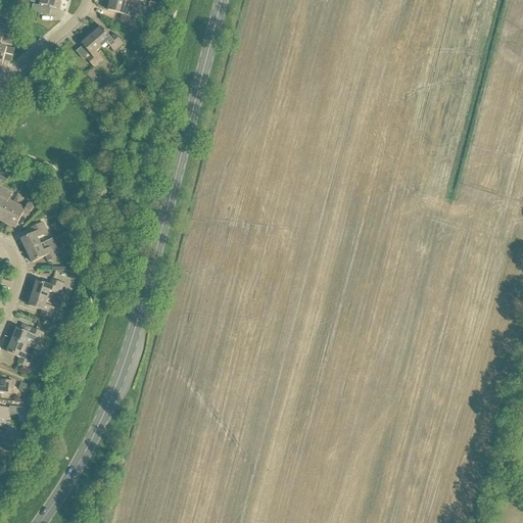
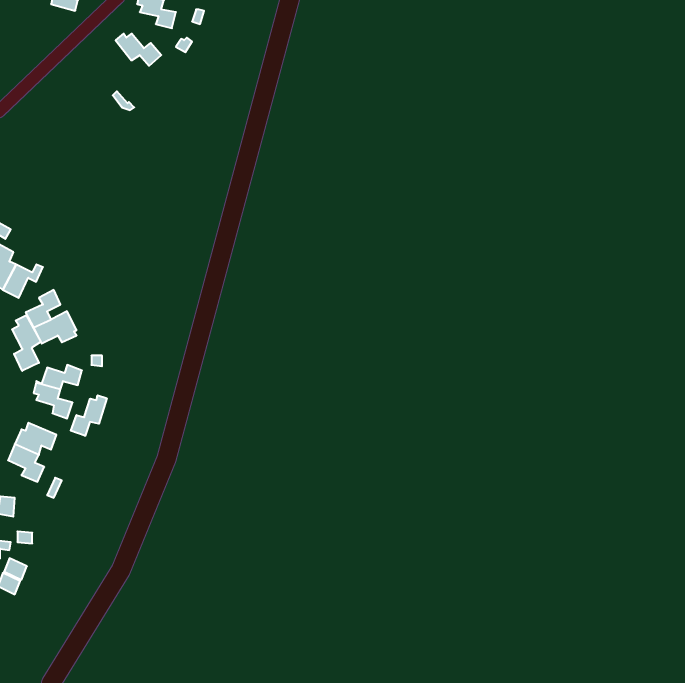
building: [80,31,102,67] -> none
building: none -> [12,315,41,371]
building: none -> [71,395,107,436]

